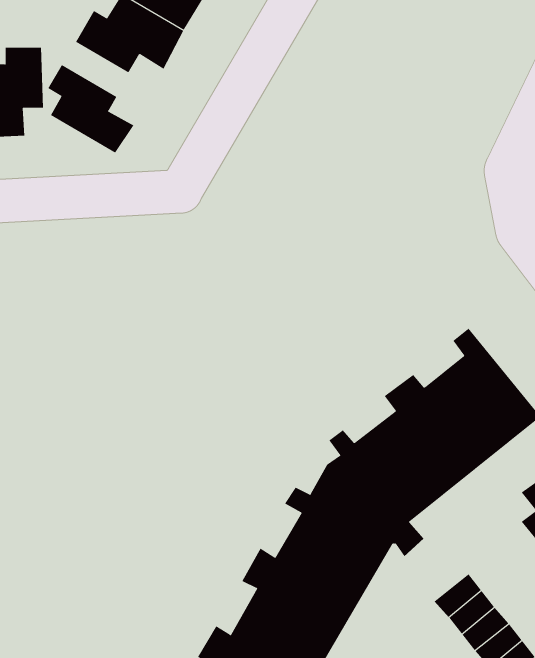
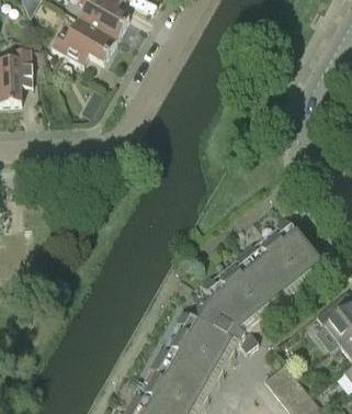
building: [48,64,134,153] -> none

